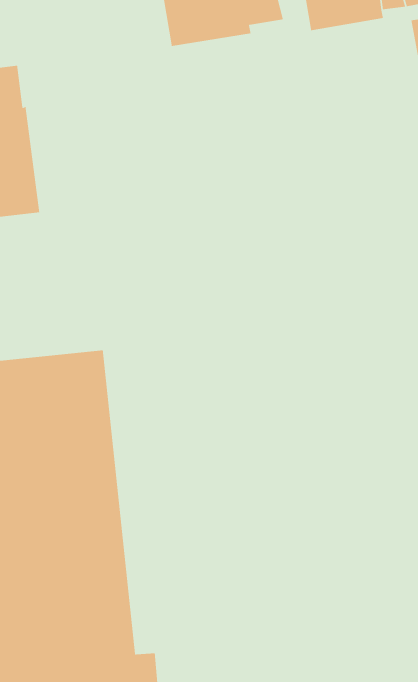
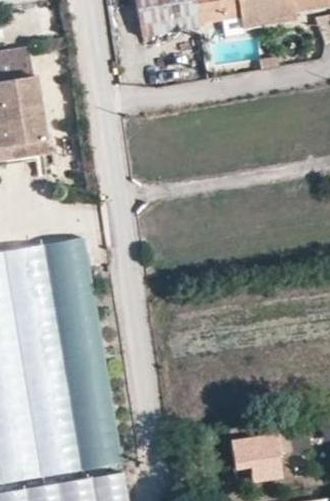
building: none -> [226,419,290,479]

